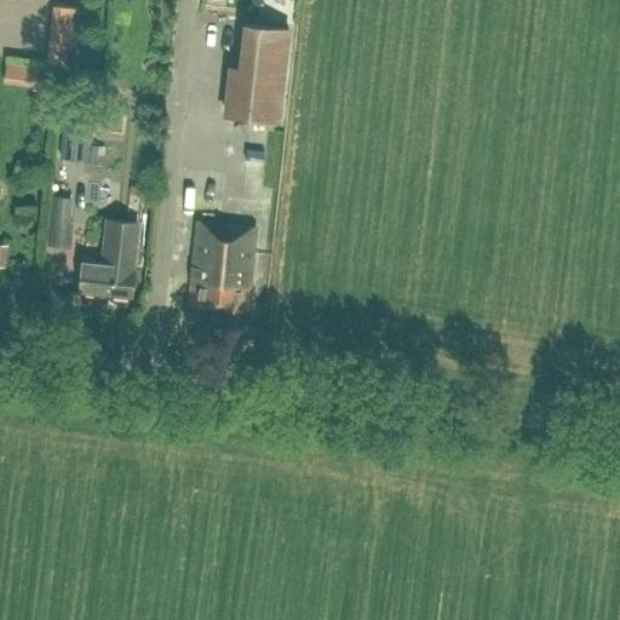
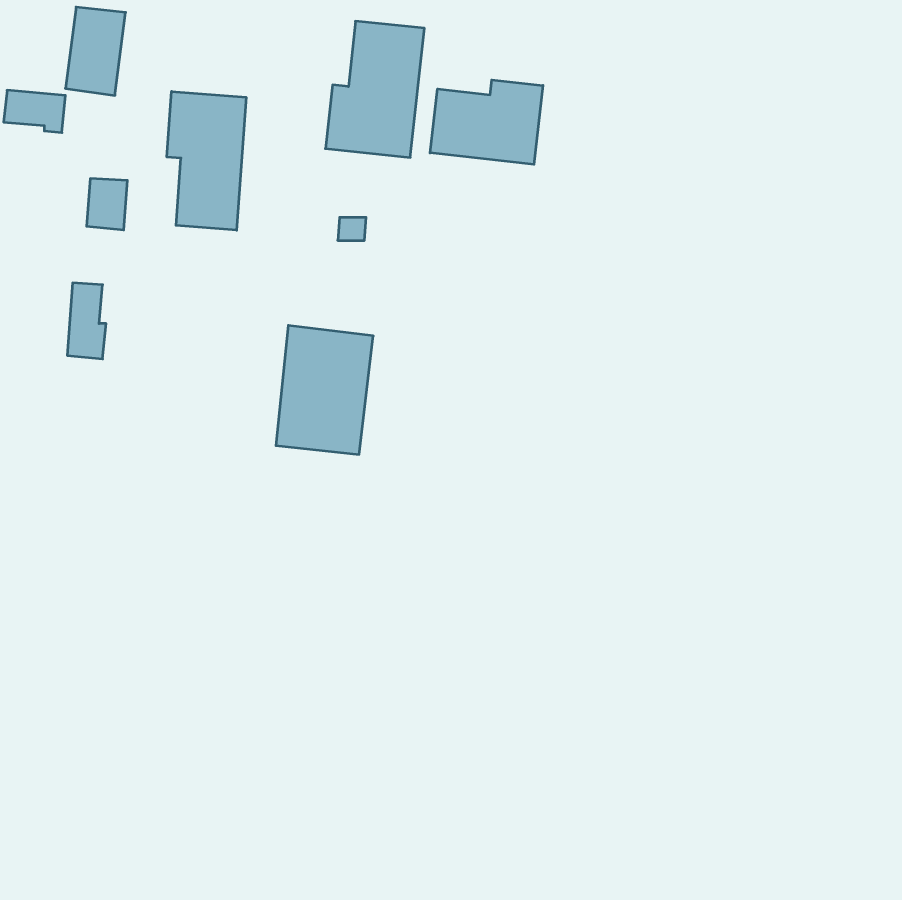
building: none -> [430,80,543,164]
building: none -> [167,91,246,230]
building: [79,219,139,298] -> none

